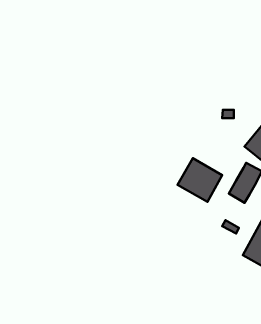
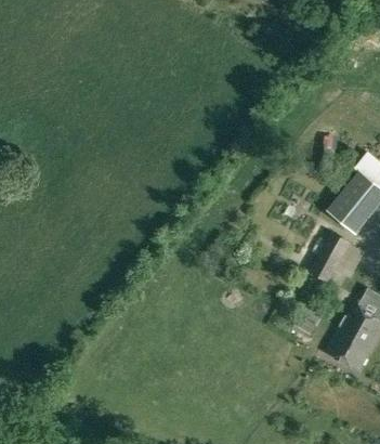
building: [178,158,222,202] -> none

